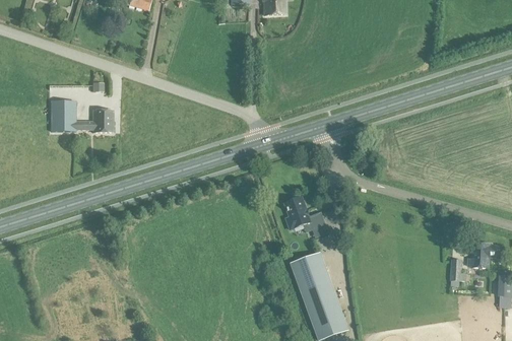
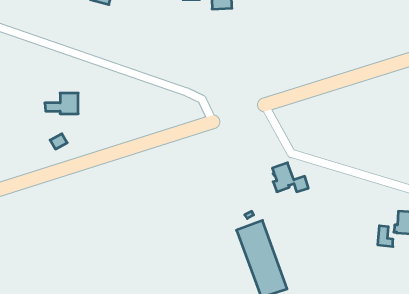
building: [51,99,75,131] -> none
building: [284,196,325,228] -> [272,163,308,192]

